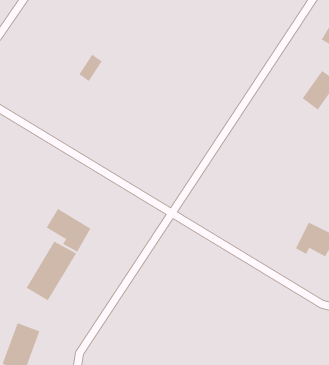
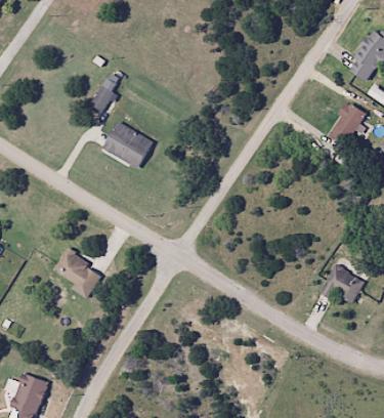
building: none -> [102,122,153,168]
building: [26,241,77,301] -> none

